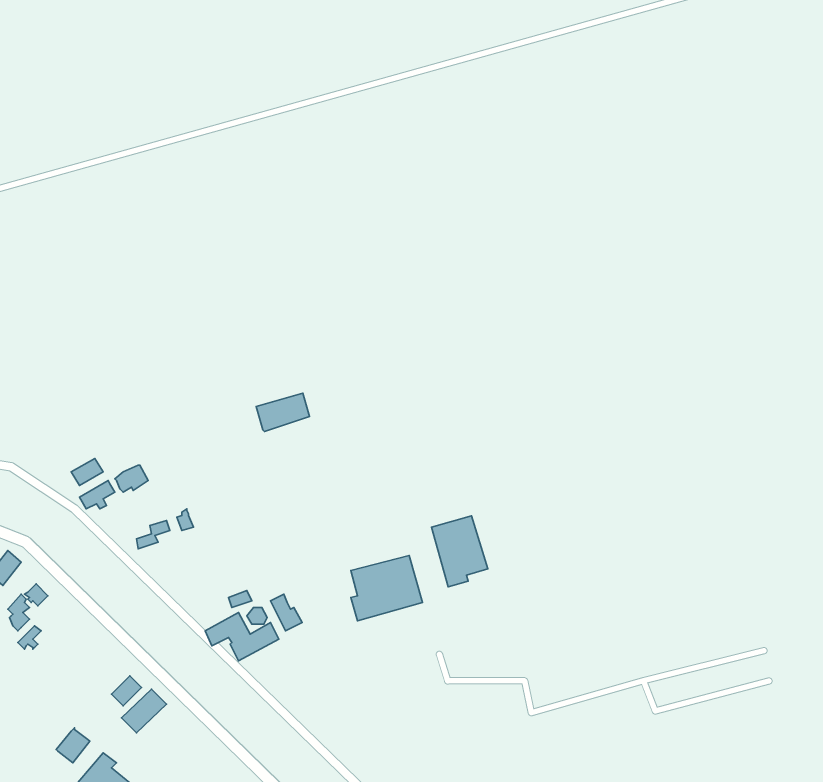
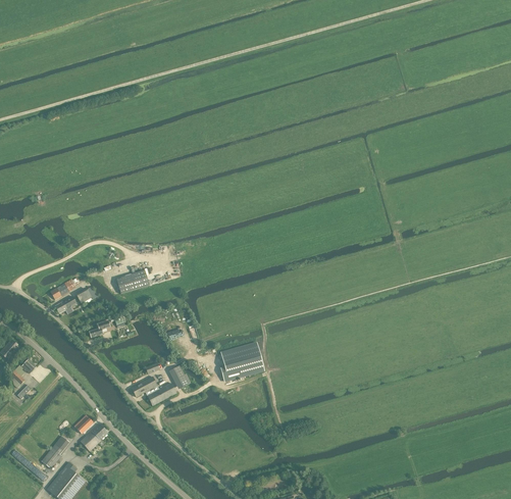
building: [256,393,310,432] -> [116,269,149,293]
building: [431,516,488,587] -> none

